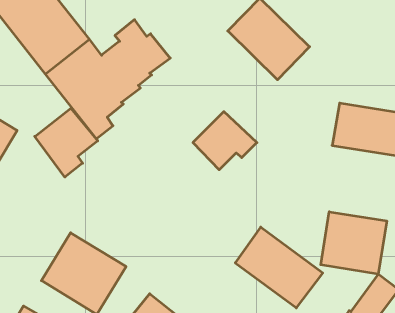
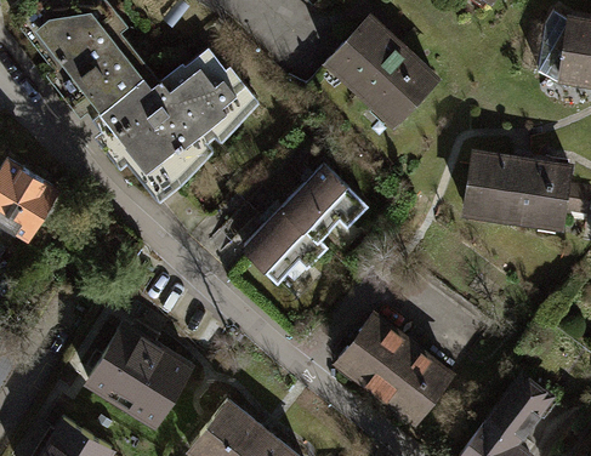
building: [35,108,98,177] -> none
building: none -> [240,205,325,283]
building: [321,212,387,274] -> none

